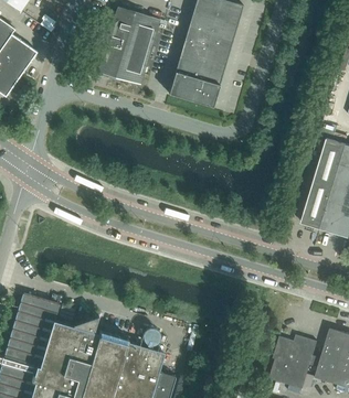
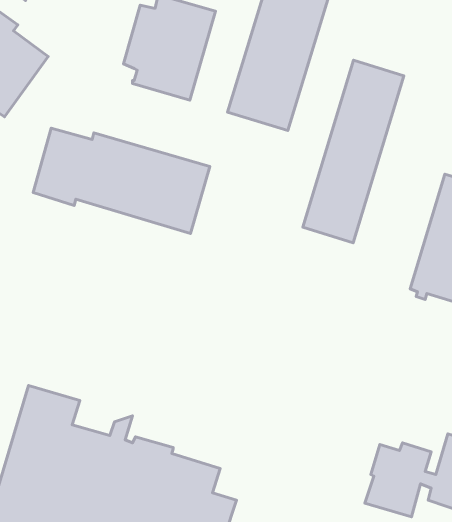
building: none -> [303,60,404,243]
building: none -> [33,128,210,233]

